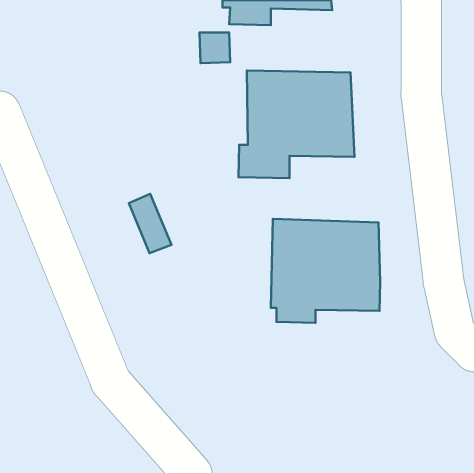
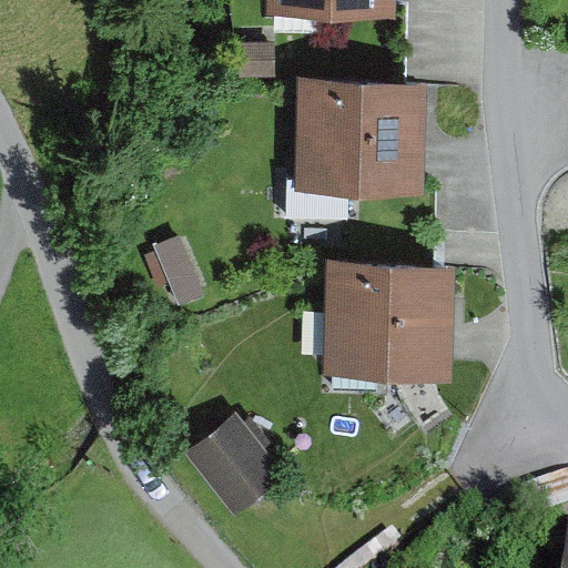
building: none -> [184,409,286,513]

